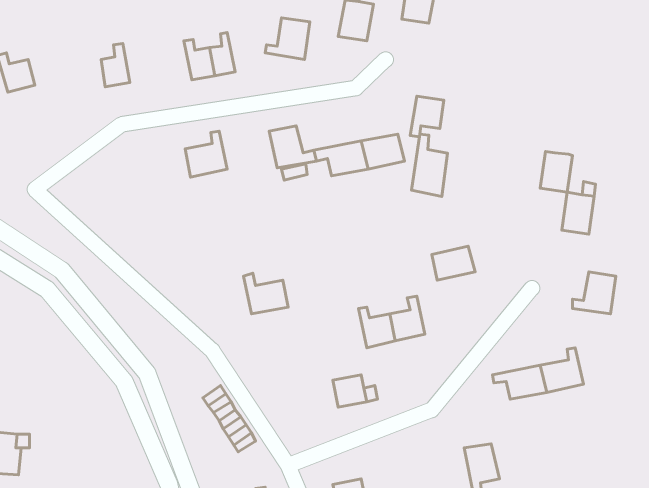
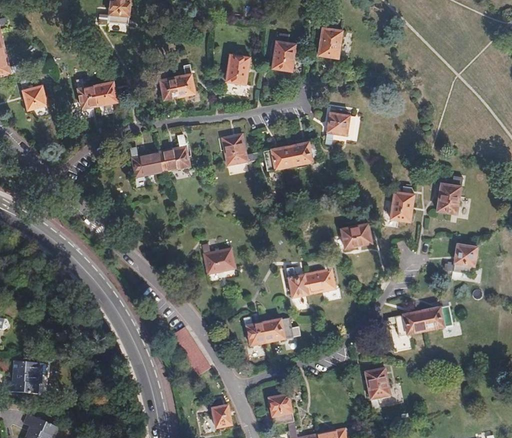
building: none -> [76,79,99,108]
building: [411,134,448,196] -> none
building: none -> [128,147,162,177]
building: [540,152,573,192] -> [389,192,413,222]
building: none -> [243,317,271,346]

